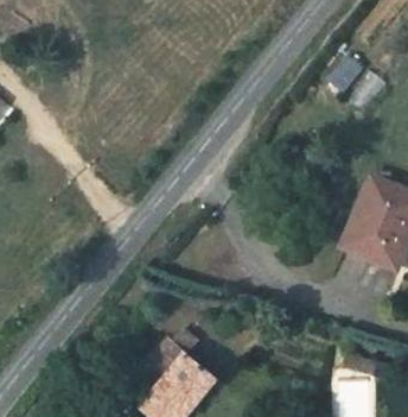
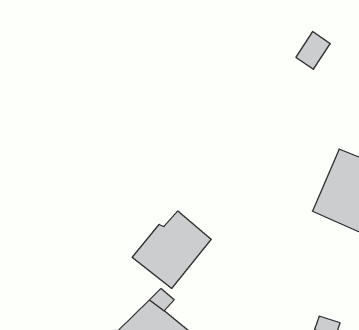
building: none -> [132,211,211,288]

